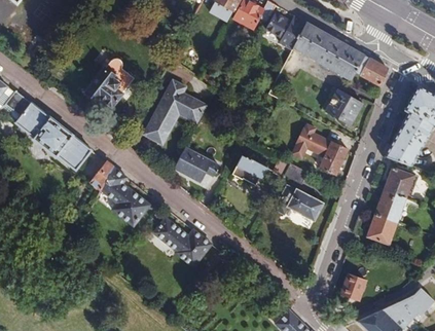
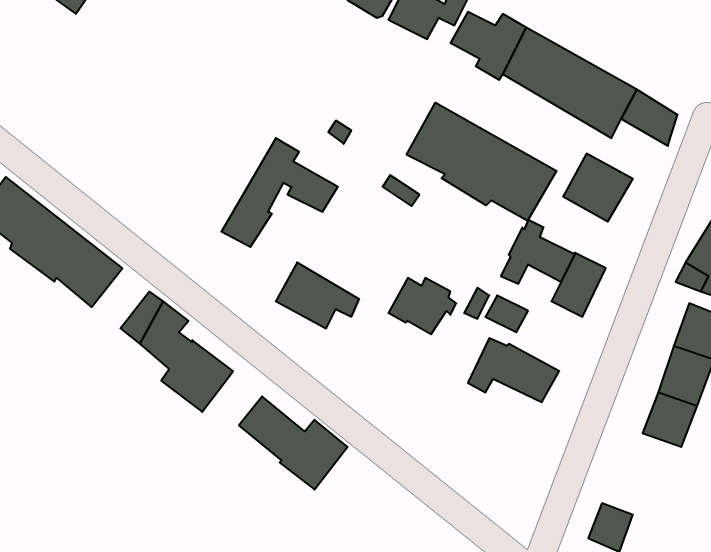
building: [85,57,134,106] -> none
building: none -> [407,103,557,221]

